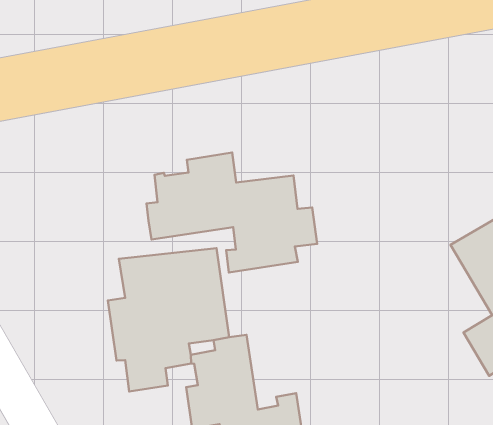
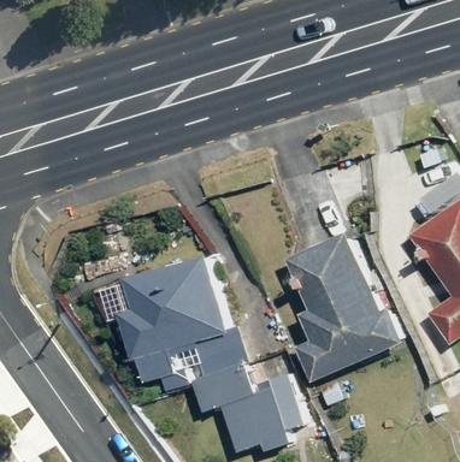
building: [146,153,317,272] -> none
building: none -> [287,231,405,381]

